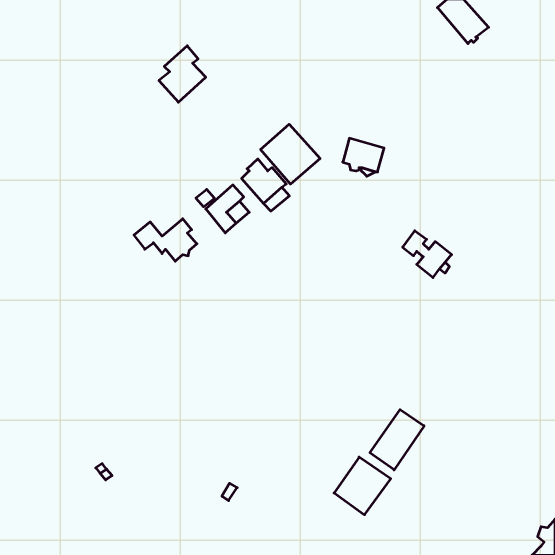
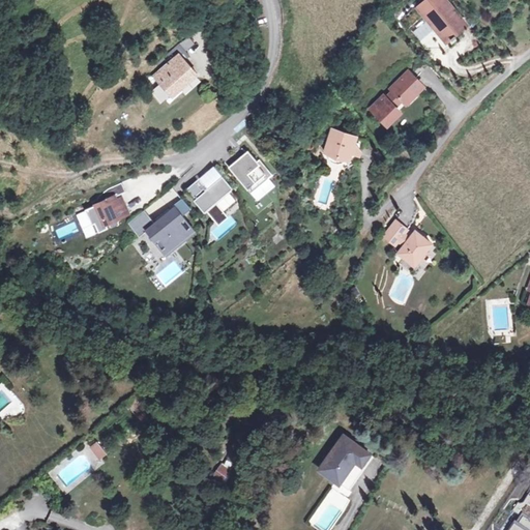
building: none -> [370,70,425,122]
building: [261,124,320,184] -> none
building: none -> [85,183,127,233]
building: [370,410,424,470] -> none

